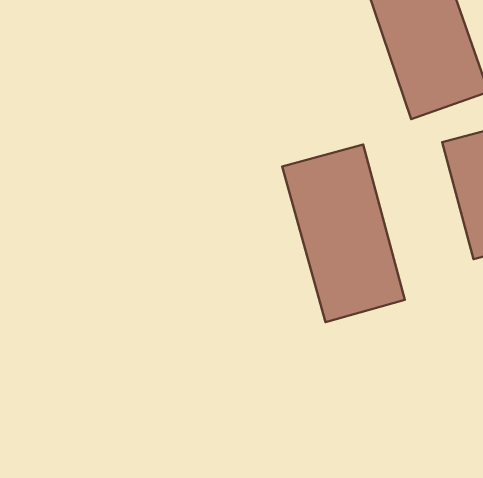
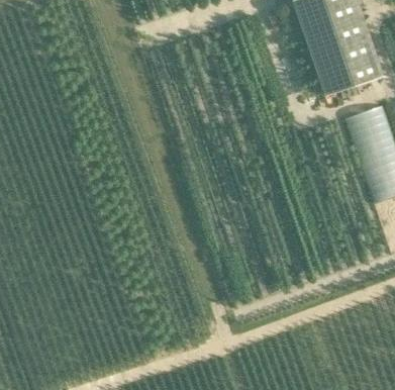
building: [282,145,405,322] -> none

